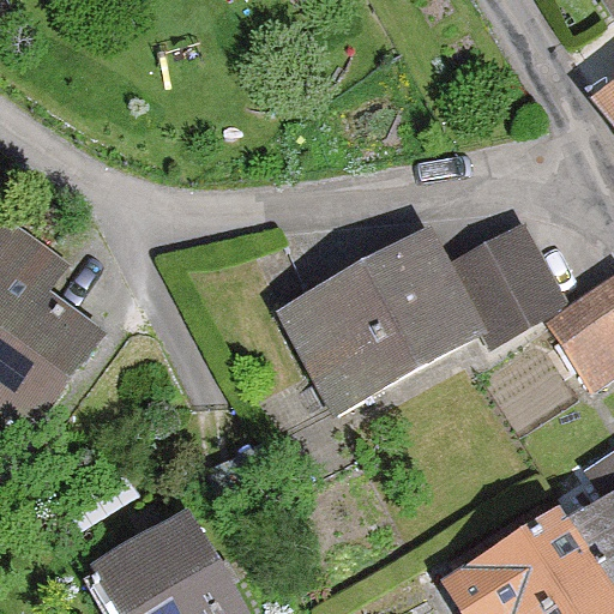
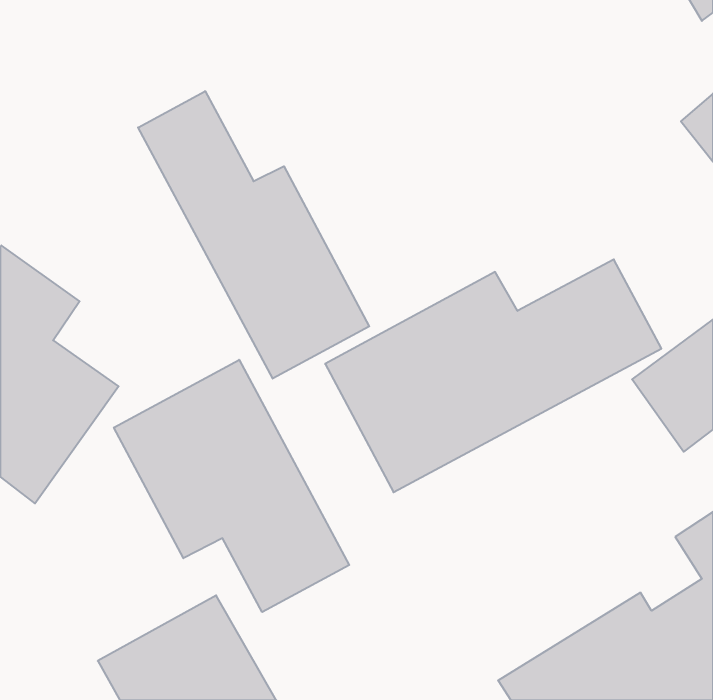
building: none -> [138,91,369,379]
building: none -> [114,360,349,612]

